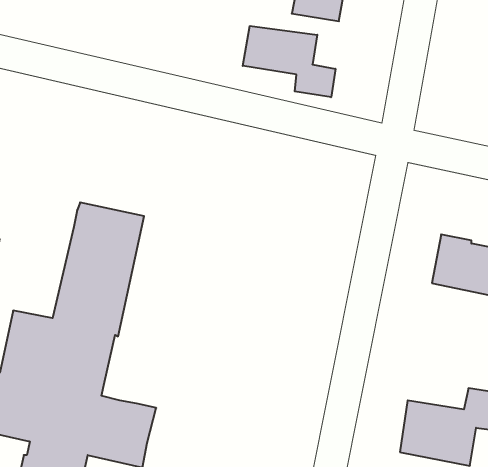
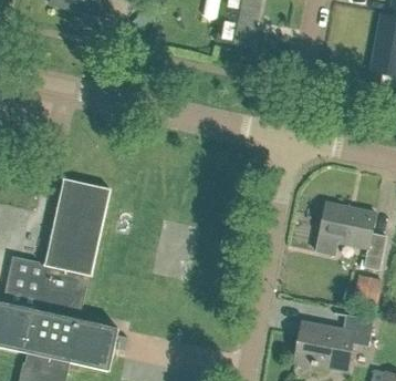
building: [243,26,335,97] -> none

